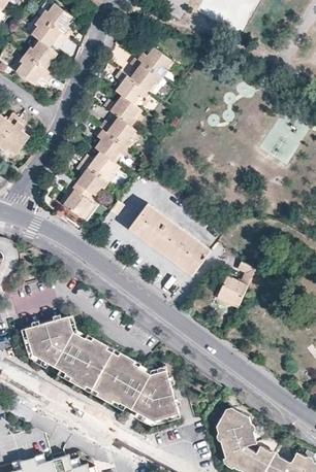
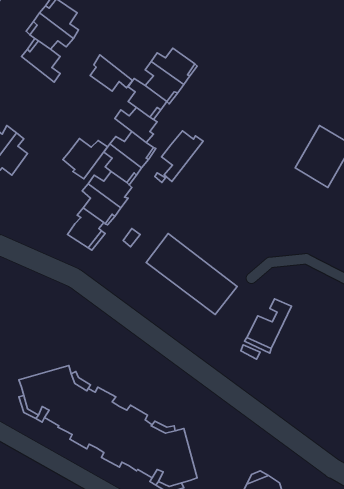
building: [17,54,53,85] -> [90,55,133,91]
building: none -> [162,131,203,182]
building: none -> [63,138,108,179]

